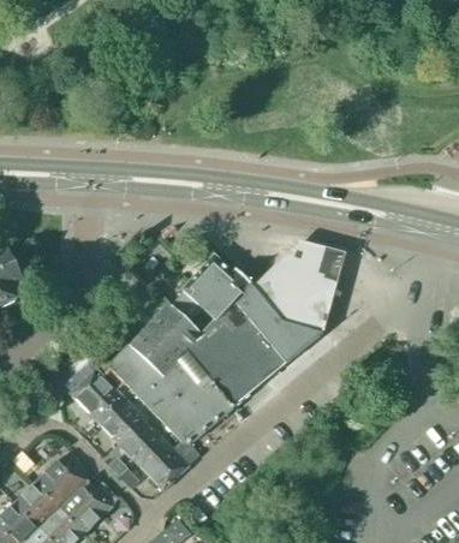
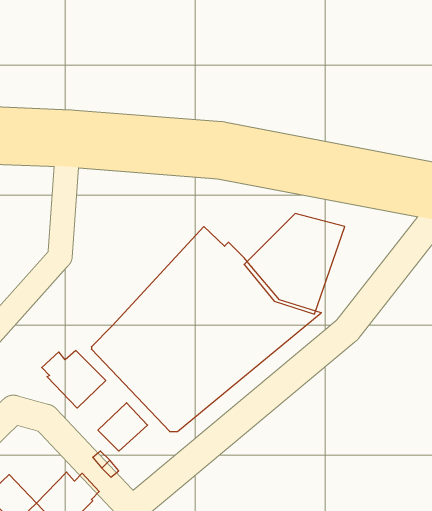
building: [96,396,142,442] -> none
building: [135,437,189,490] -> none
building: [34,454,87,509] -> none

